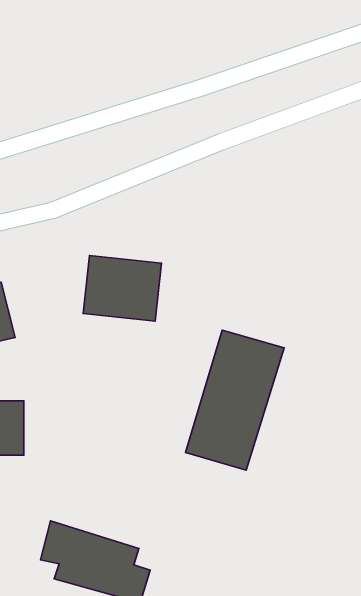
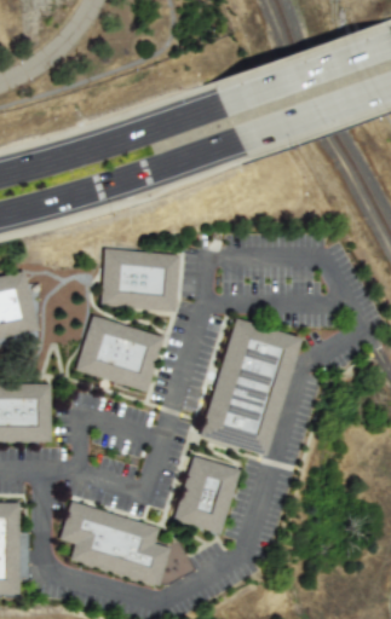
building: none -> [77,318,163,393]
building: none -> [174,459,238,534]

